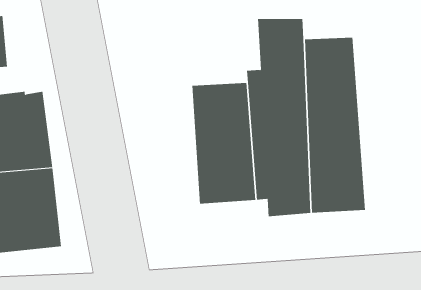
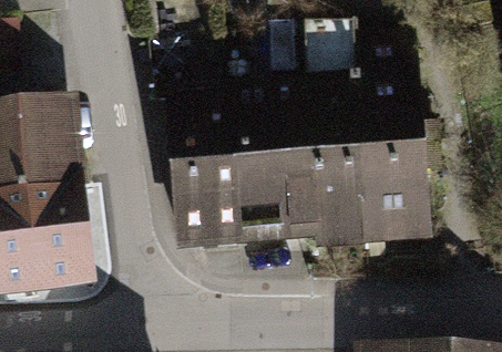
building: none -> [171,100,239,242]

